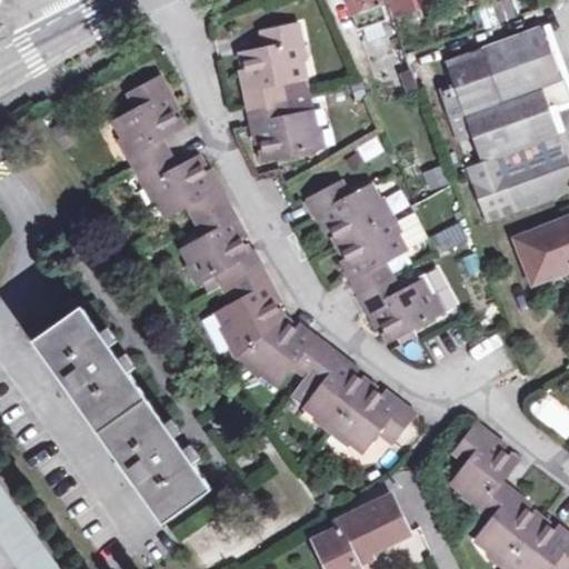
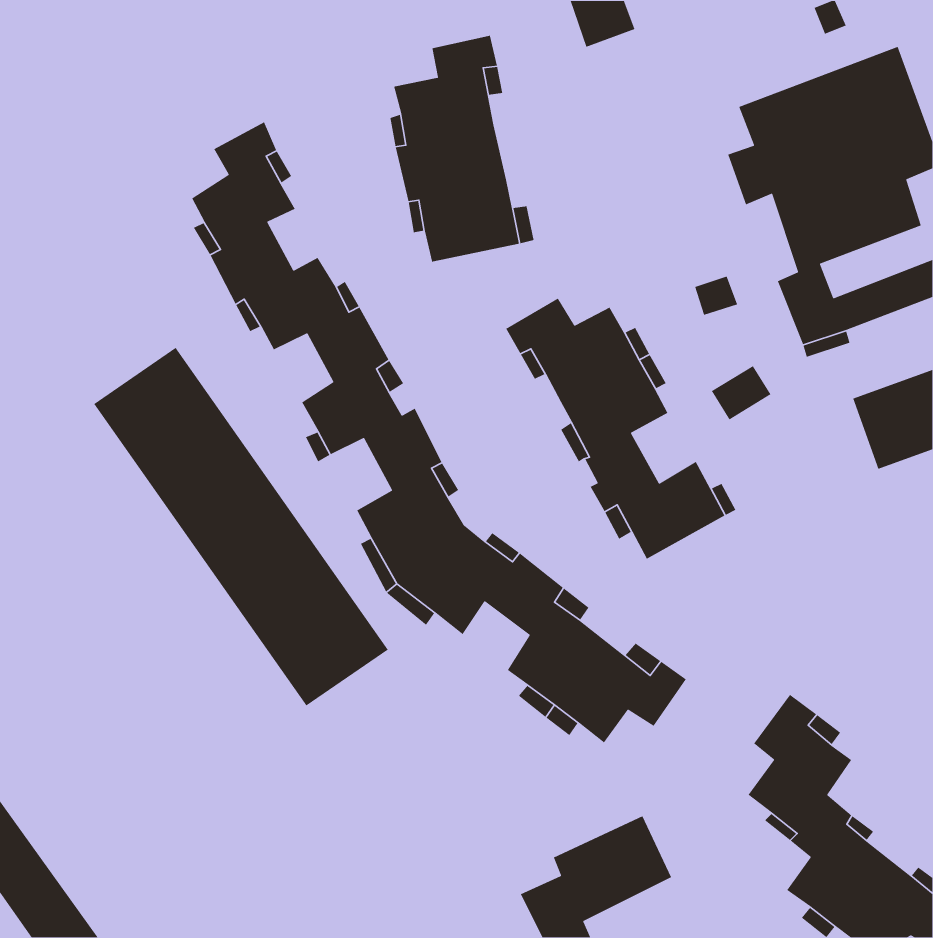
building: [29,303,208,521] -> [93,347,389,707]

